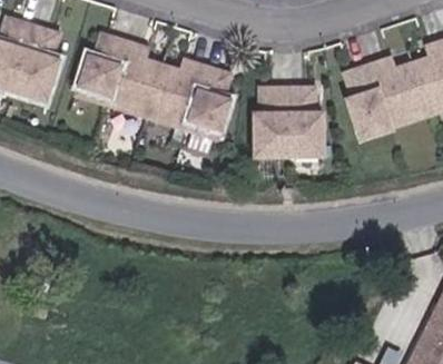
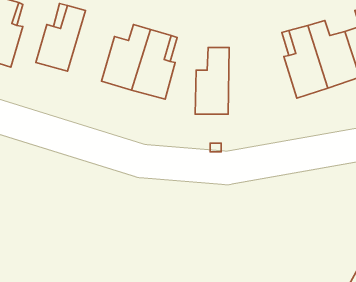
building: [100,49,152,128] -> none
building: [279,90,317,166] -> none

